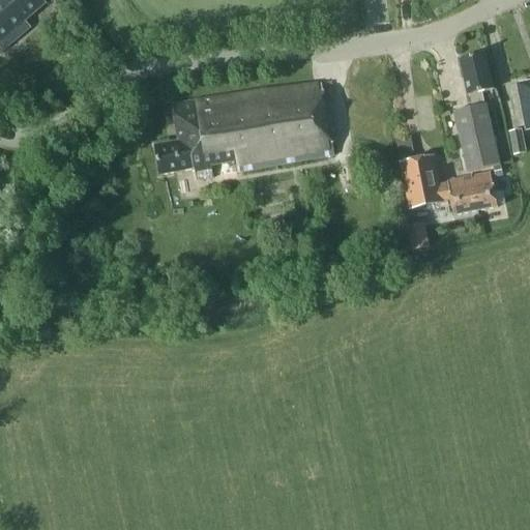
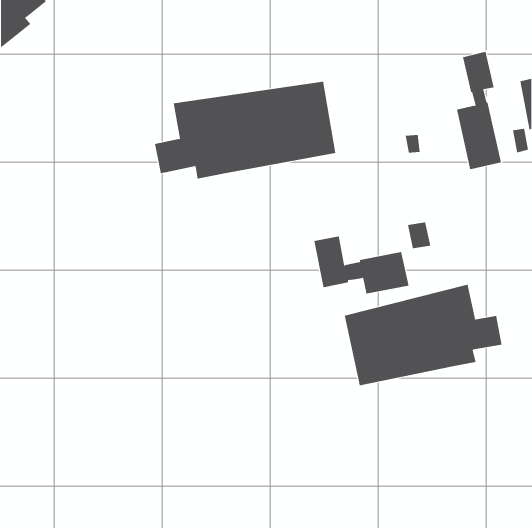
building: [402,154,497,212] -> [313,236,409,294]
building: none -> [344,284,502,386]

